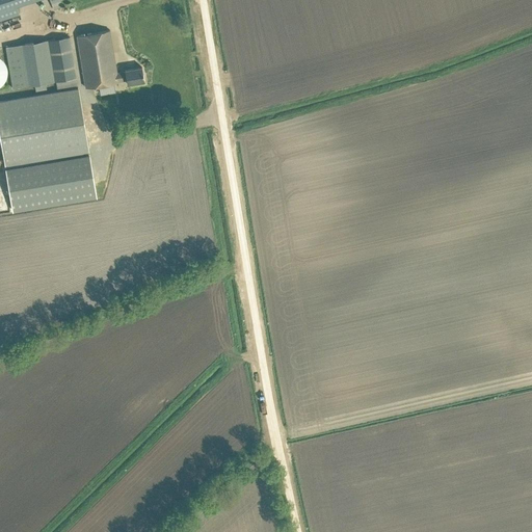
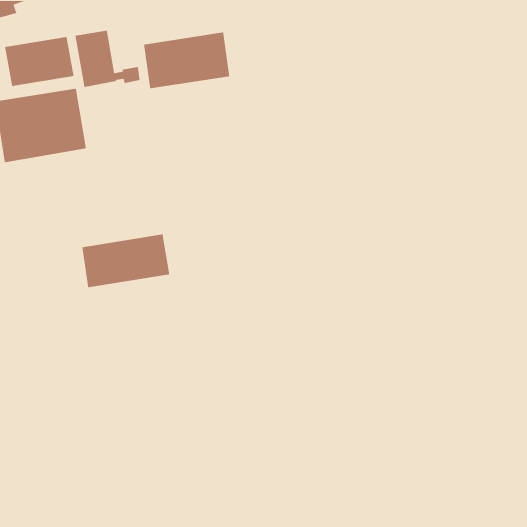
building: none -> [143,32,230,89]
building: [5,156,95,211] -> [81,234,170,288]

